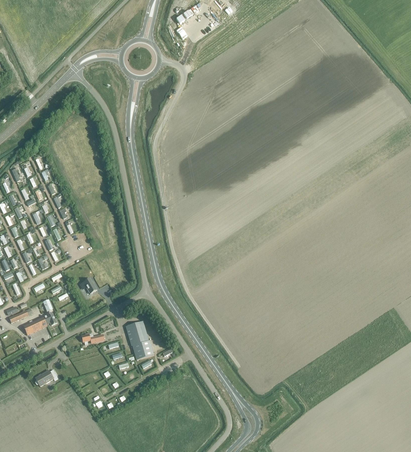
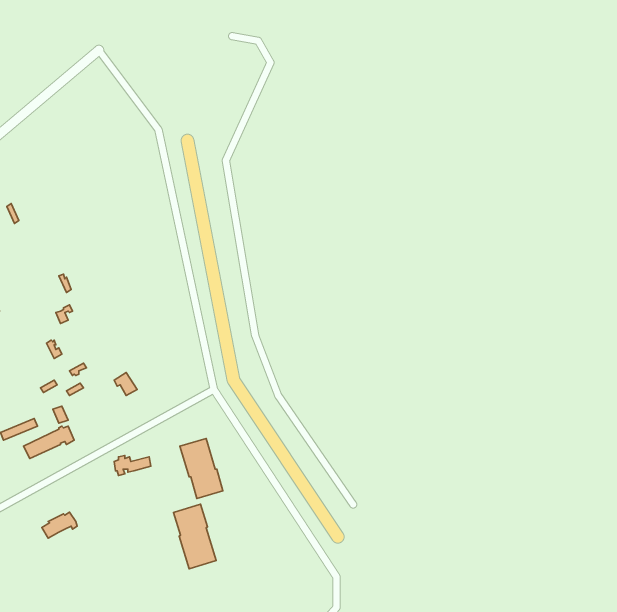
building: none -> [173,504,216,569]

